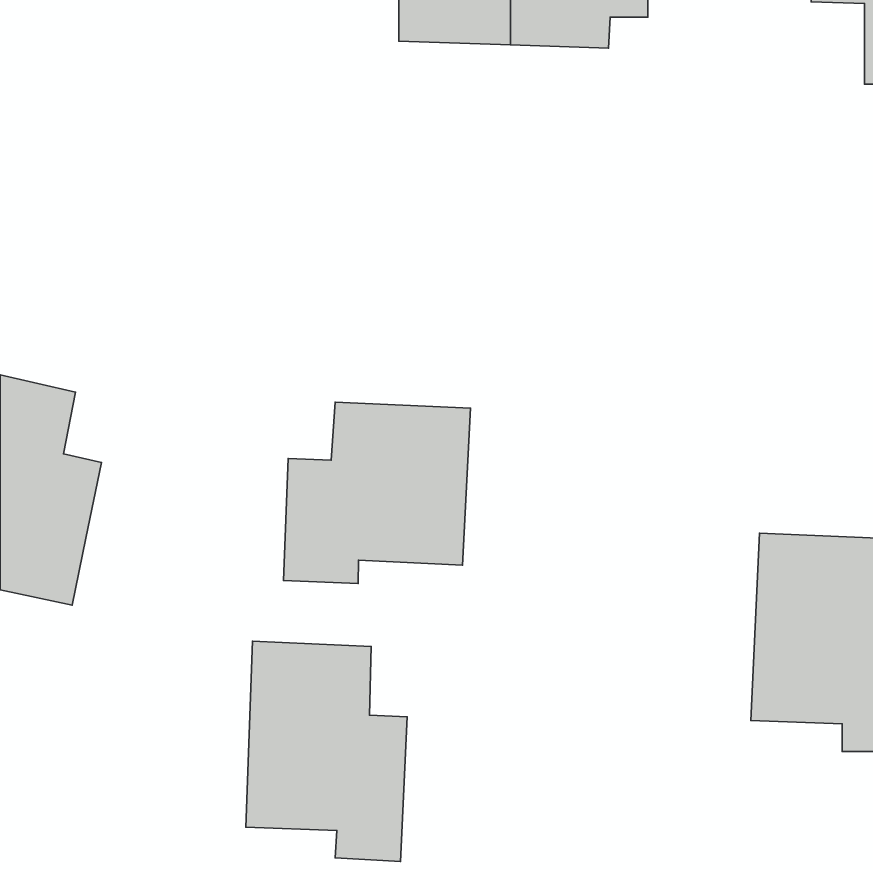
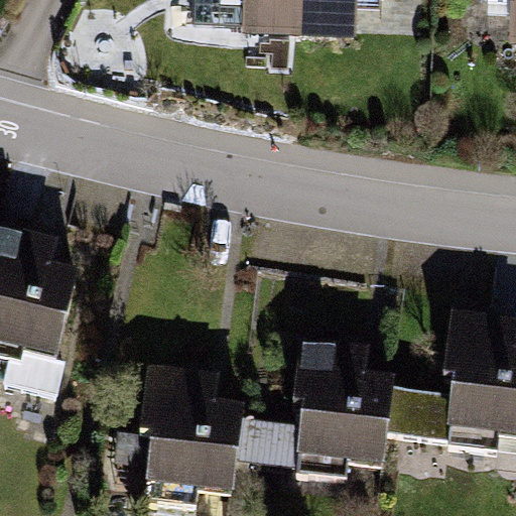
building: [283,402,471,583] -> none
building: none -> [292,341,387,470]

